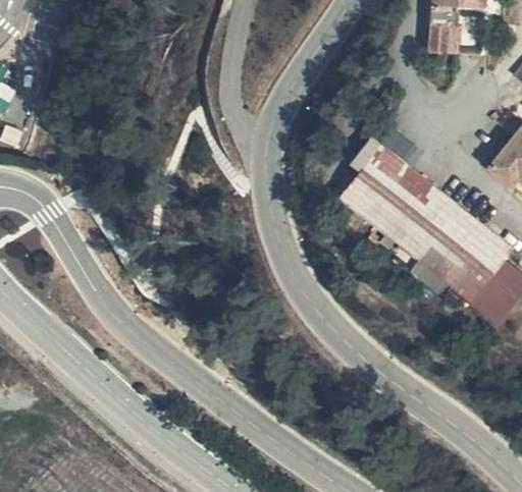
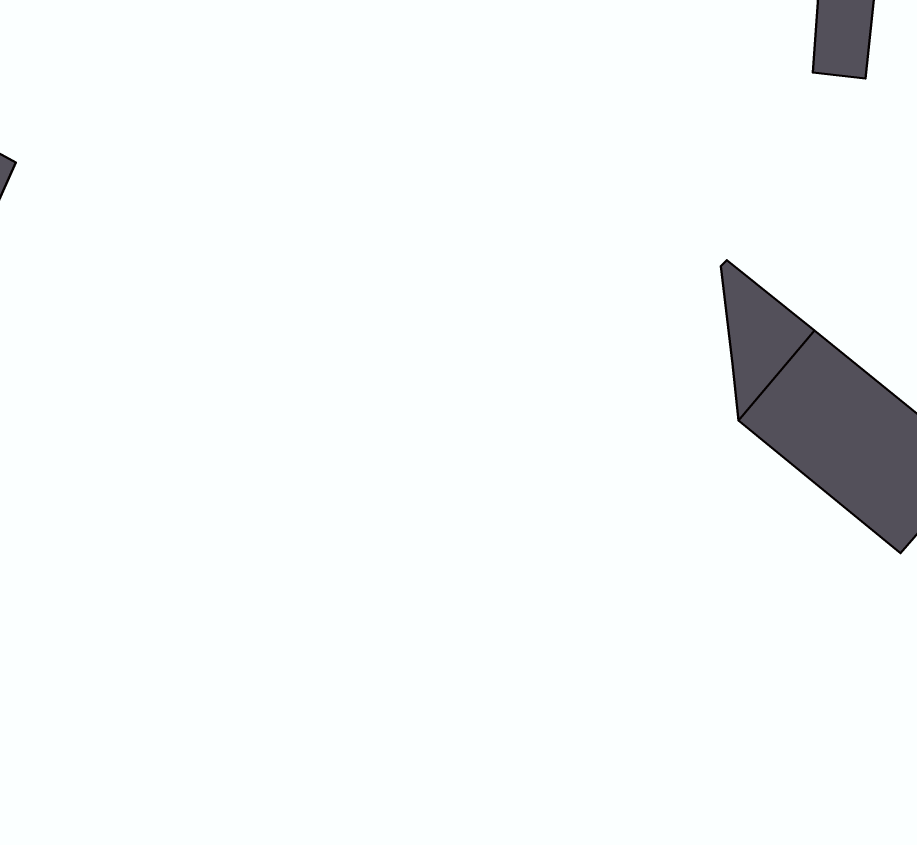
building: [346,151,388,231] -> none

